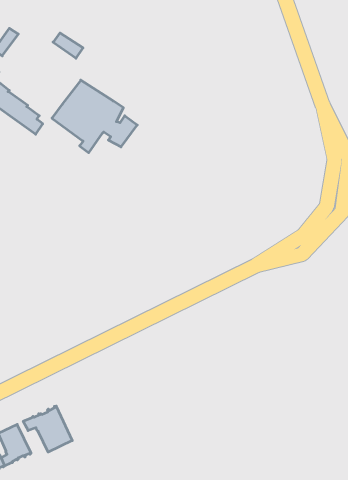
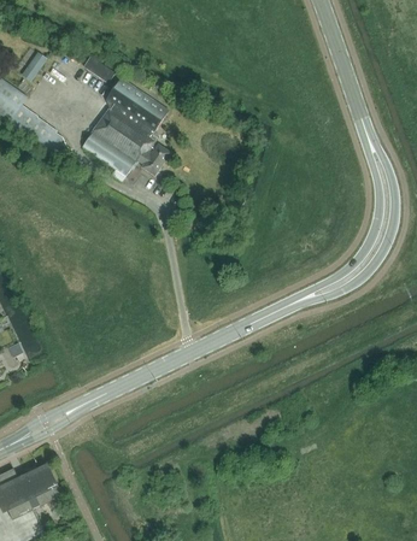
building: none -> [104,73,161,128]
building: [23,406,72,452] -> none

